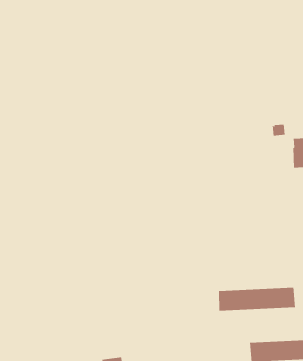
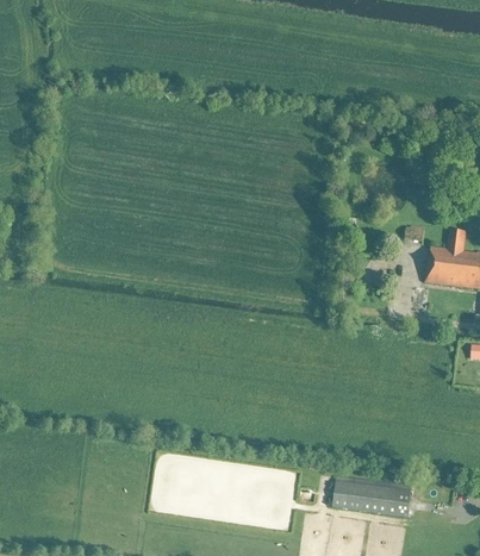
building: [218,287,296,311] -> none

